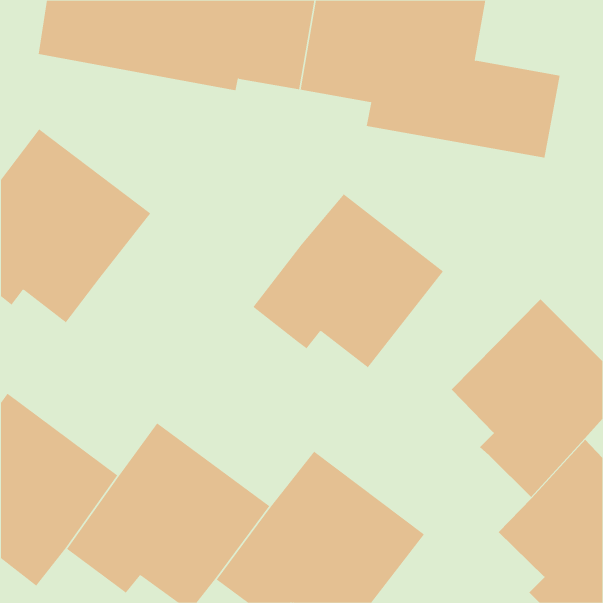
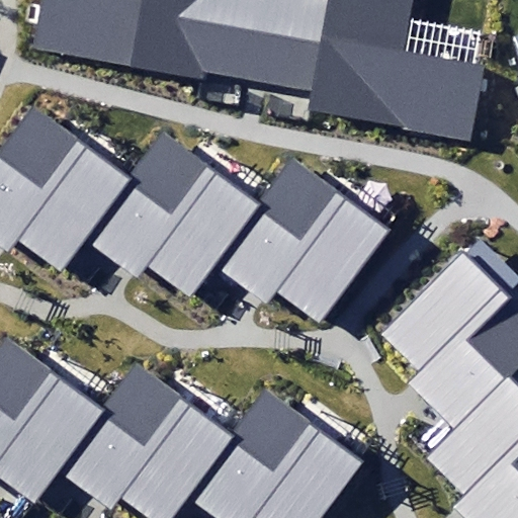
building: none -> [86,137,258,297]

